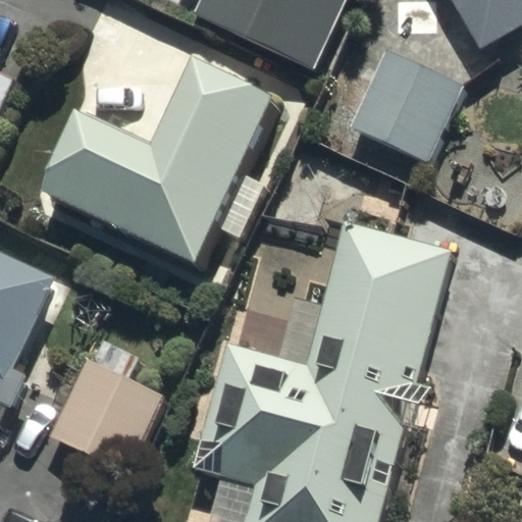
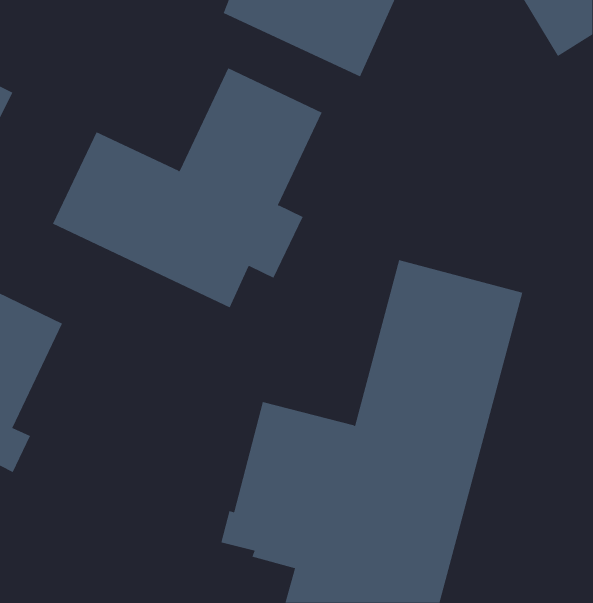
building: [347,52,460,163] -> none
building: [46,358,161,475] -> none

